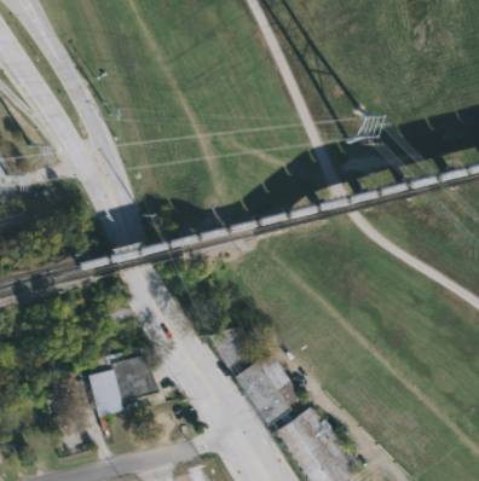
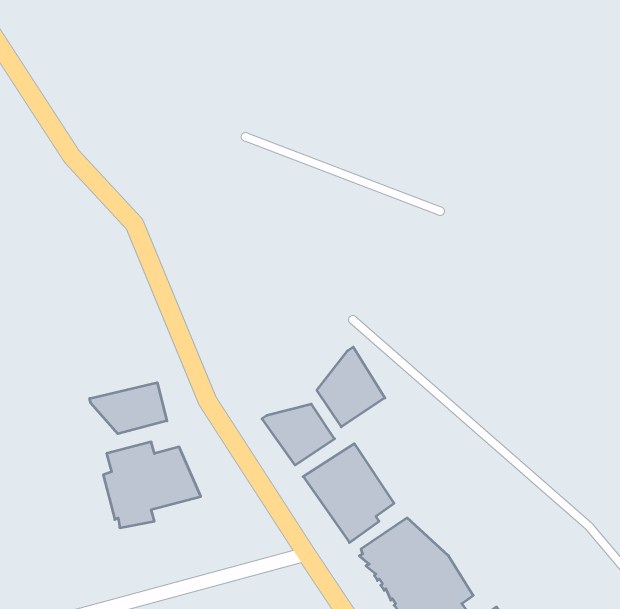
building: none -> [317,347,385,427]
building: none -> [90,383,167,434]

